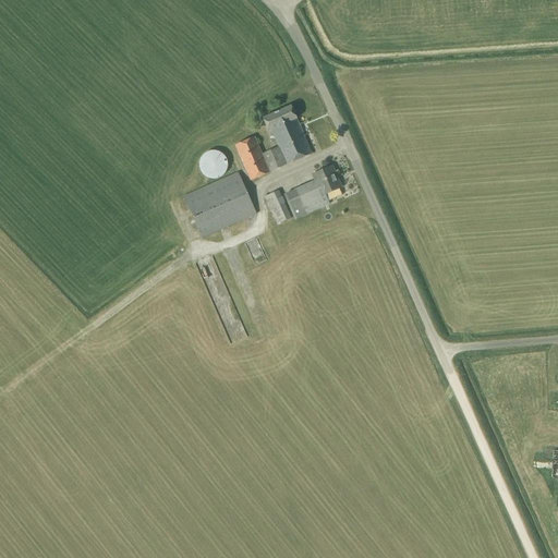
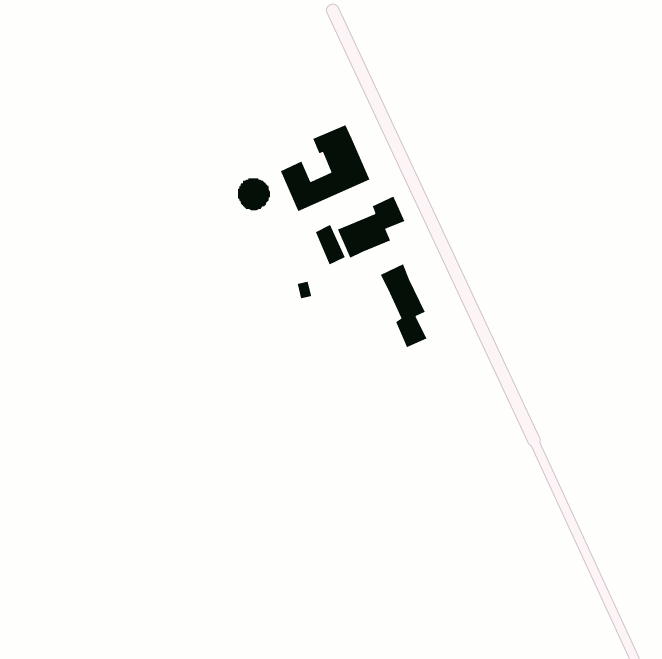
building: [184,171,256,235] -> none
building: none -> [380,263,427,348]

